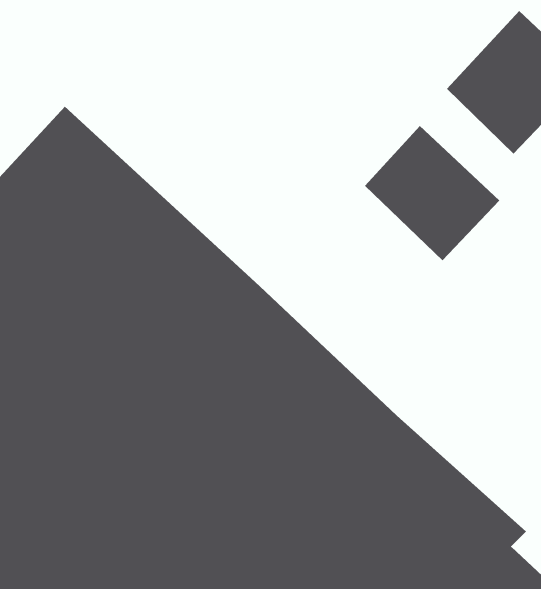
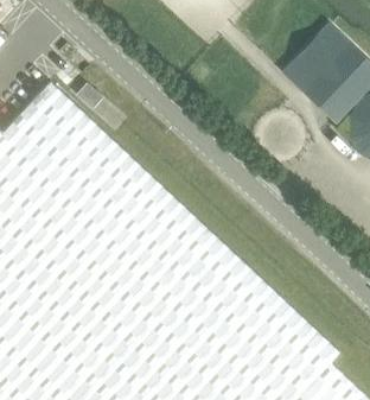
building: [364,125,500,261] -> none

